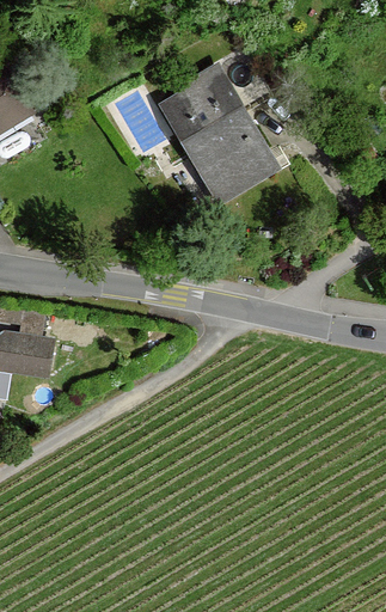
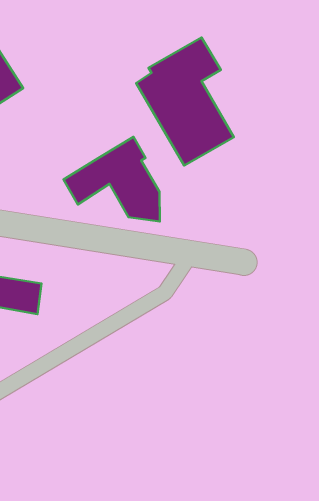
building: none -> [63,137,160,221]

